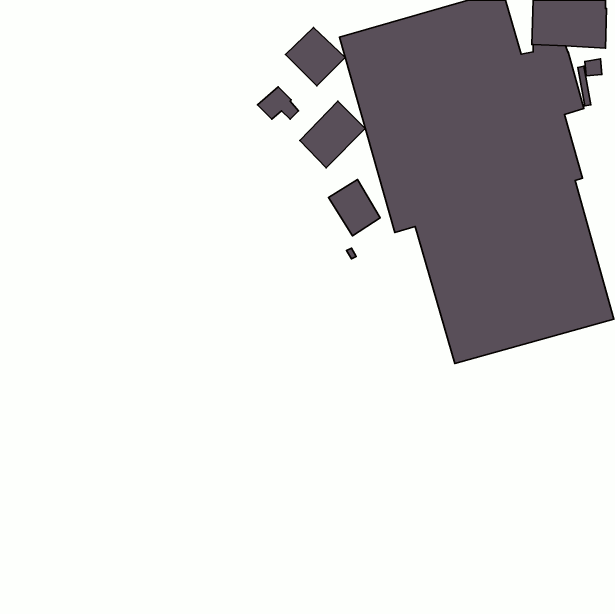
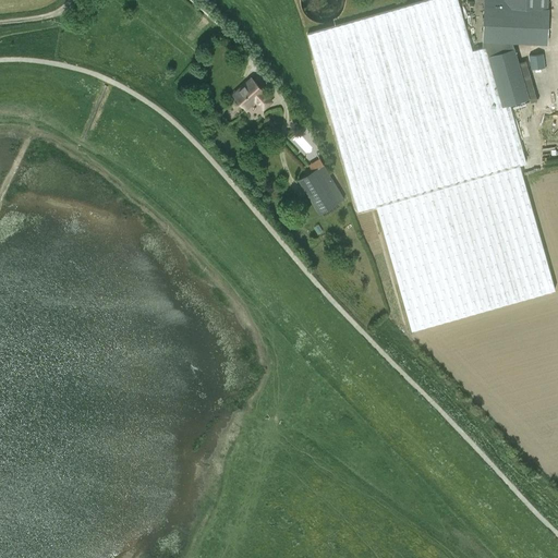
building: [286,27,345,86] -> none
building: [300,101,365,168] -> none

